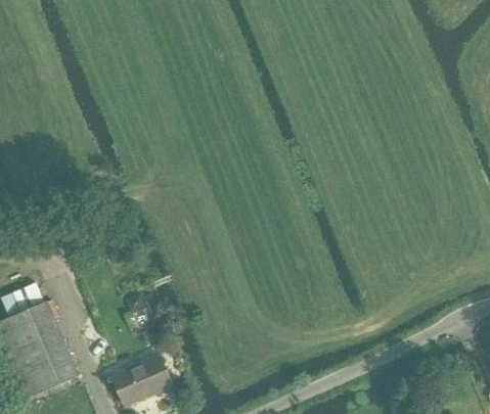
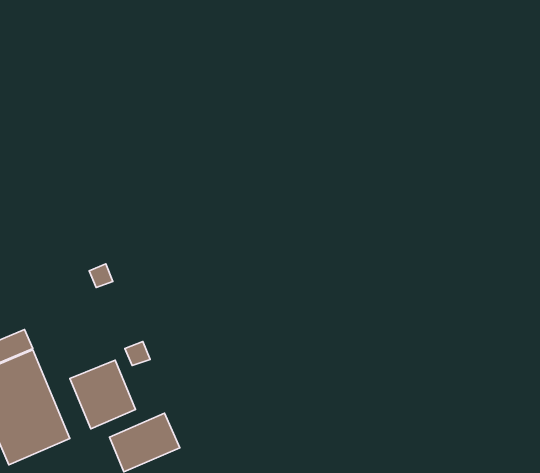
building: none -> [70,360,135,429]

